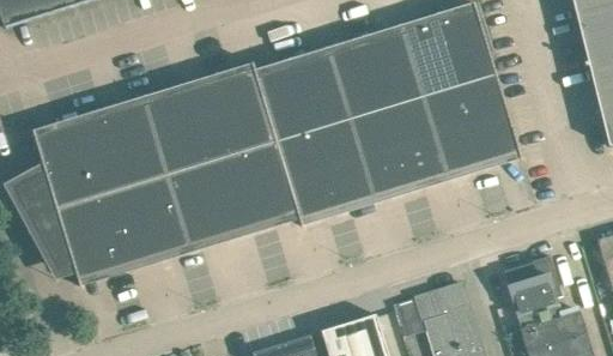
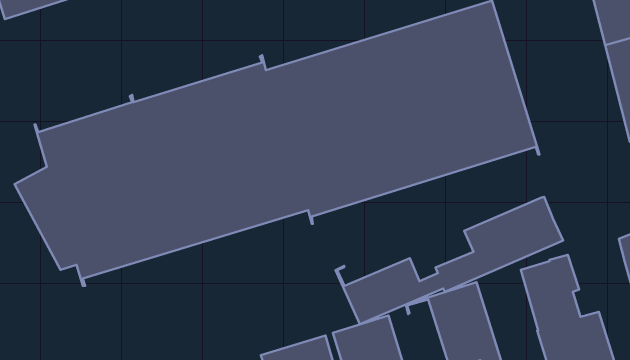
building: none -> [335,197,563,324]

